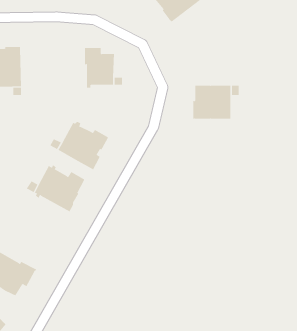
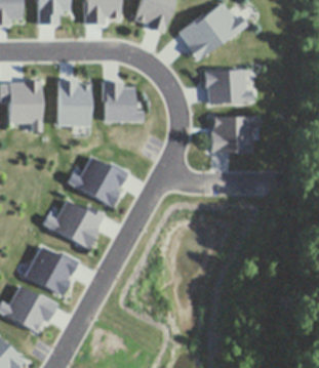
building: none -> [206,70,252,105]
building: none -> [59,81,89,128]
building: none -> [28,247,76,293]

